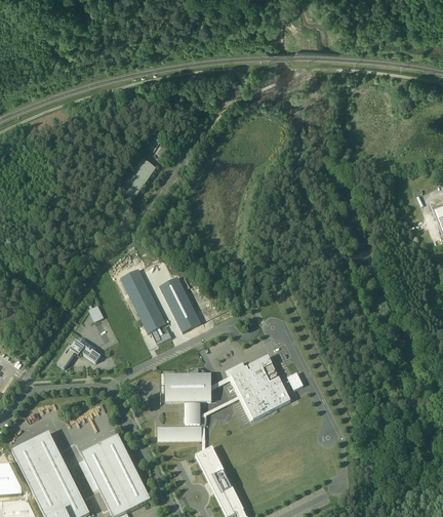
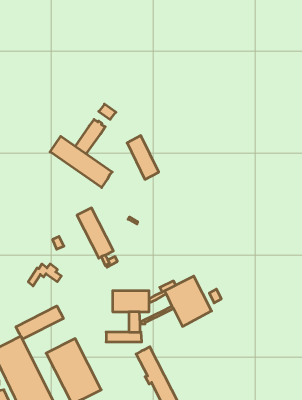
building: none -> [50,136,112,188]
building: [160,277,200,332] -> [127,136,159,179]
building: none -> [16,306,63,339]

